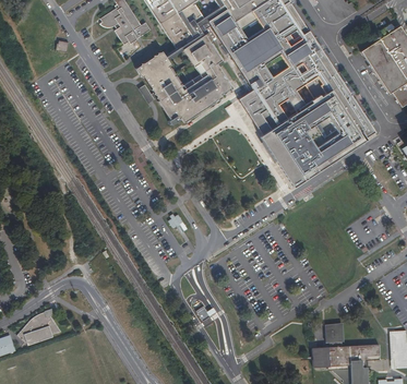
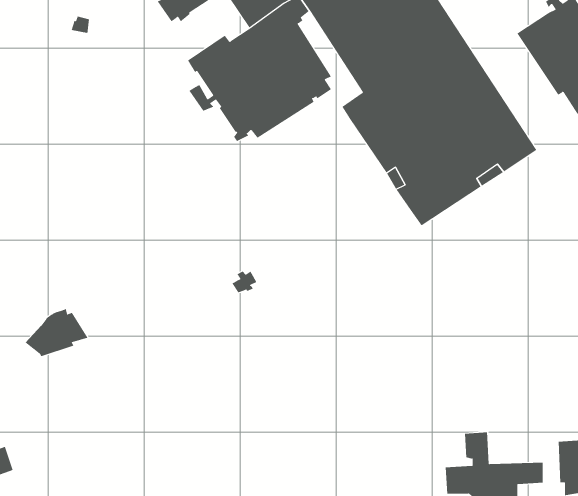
building: [16,311,60,345] -> [25,308,88,357]

